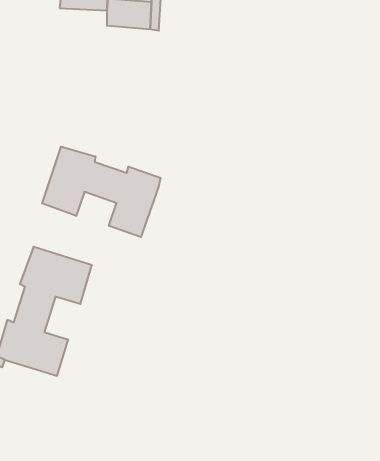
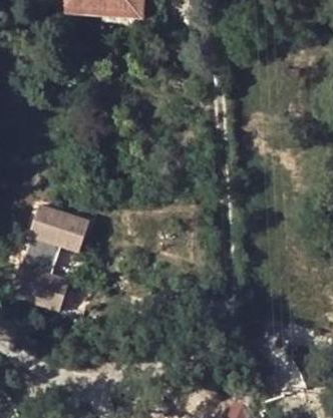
building: [42,147,160,237] -> none

